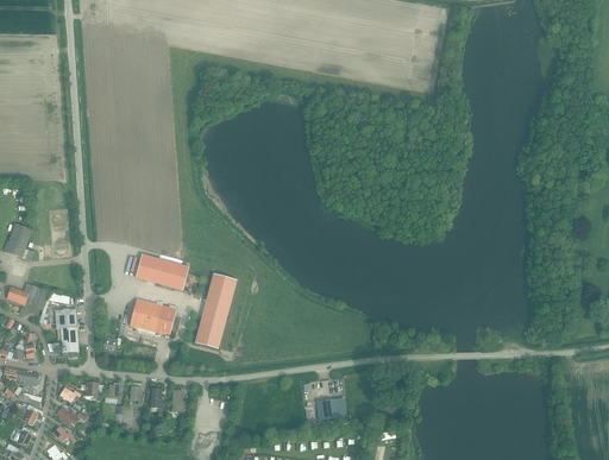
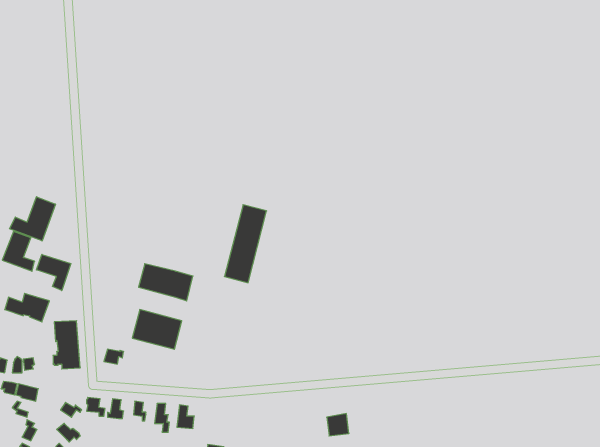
building: none -> [10,197,55,241]
building: none -> [36,254,71,291]
building: [195,273,236,348] -> [224,205,267,283]

